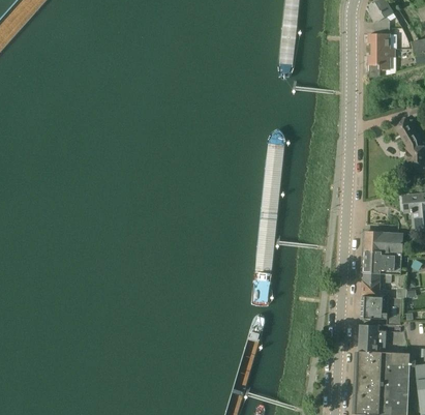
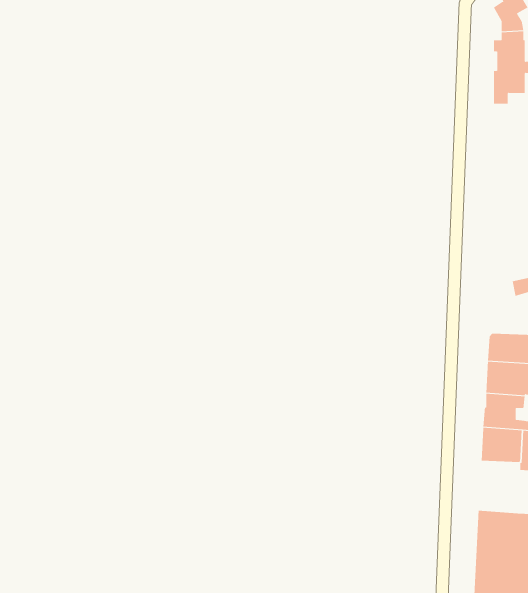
building: [359,323,387,352] -> none

